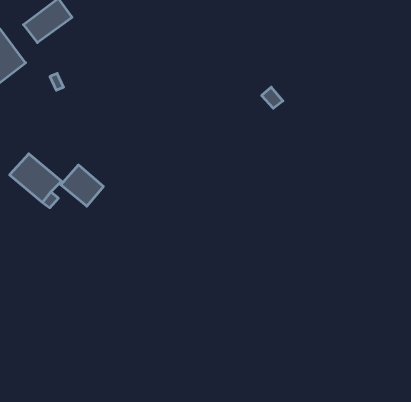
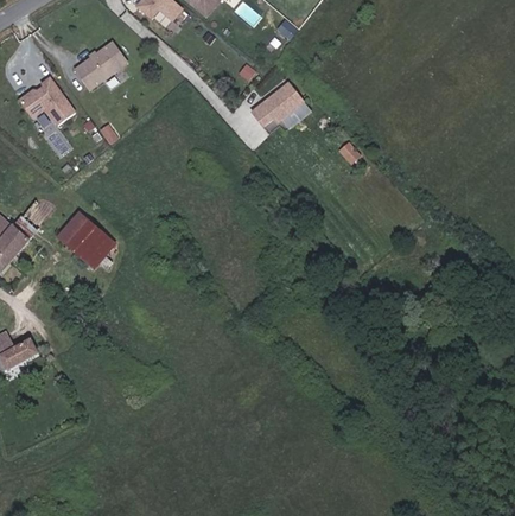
building: none -> [250,79,303,128]
building: [61,165,103,206] -> none

